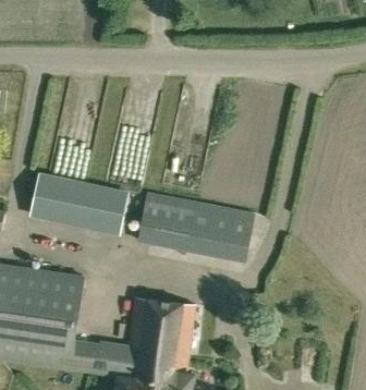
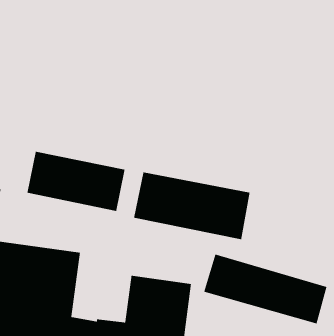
building: none -> [203,254,327,324]

